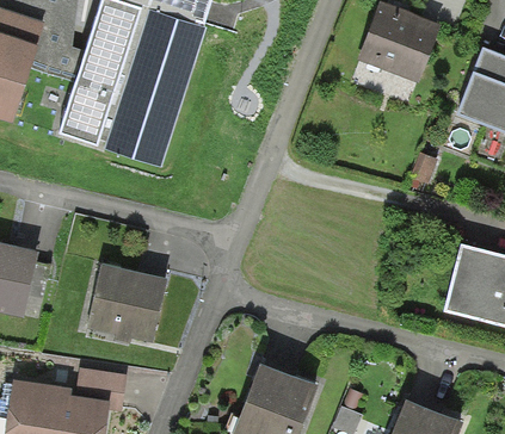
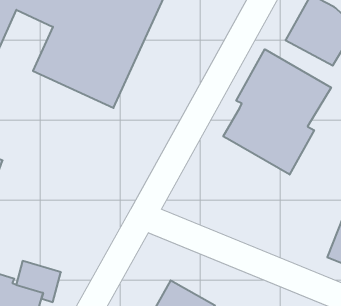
building: none -> [223,49,331,175]
building: [87,260,166,341] -> none

